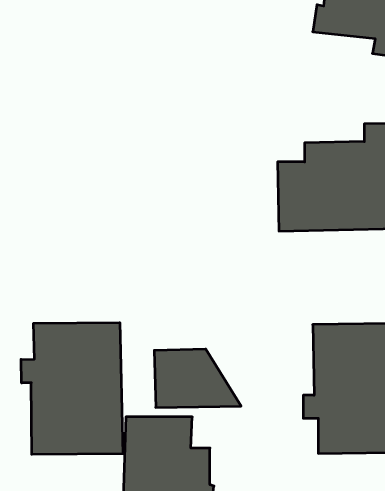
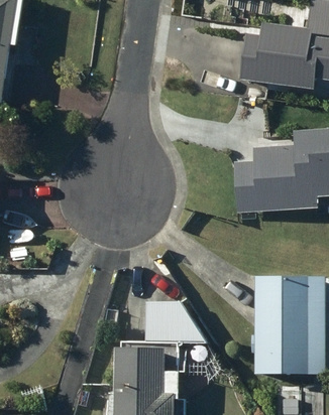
building: [21,323,123,454] -> none

